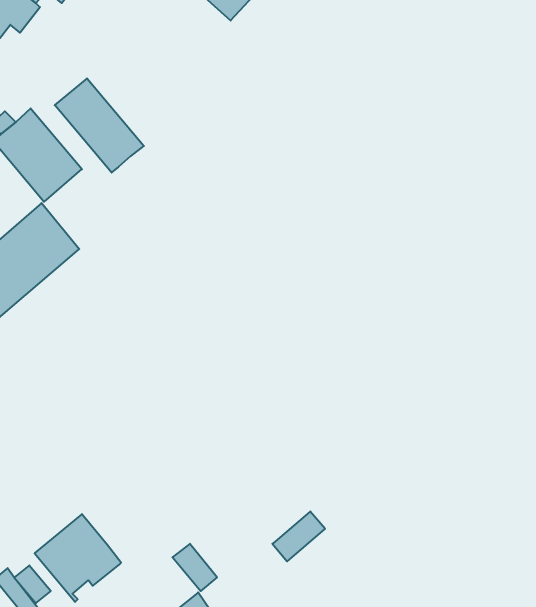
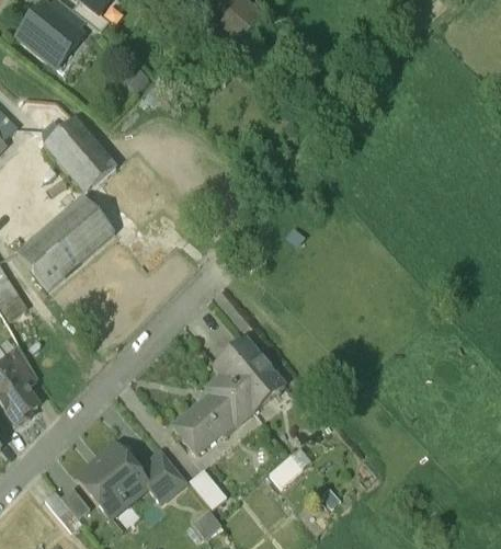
building: [55,78,144,173] -> none
building: none -> [173,338,285,453]
building: none -> [137,450,186,502]

